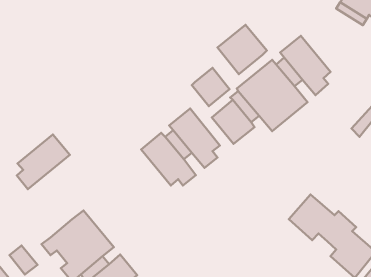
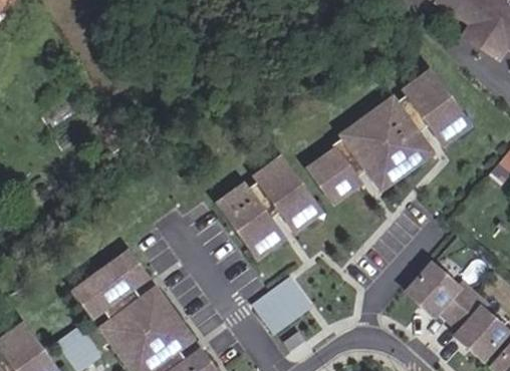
building: [218,25,267,74] -> none
building: [192,68,230,106] -> none
building: [17,135,70,189] -> [79,251,146,319]
building: none -> [254,283,304,331]

